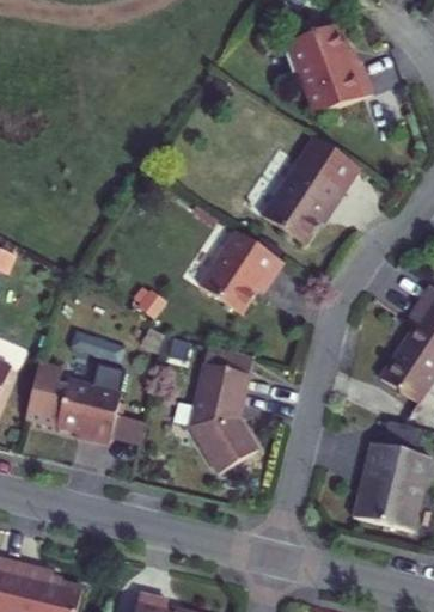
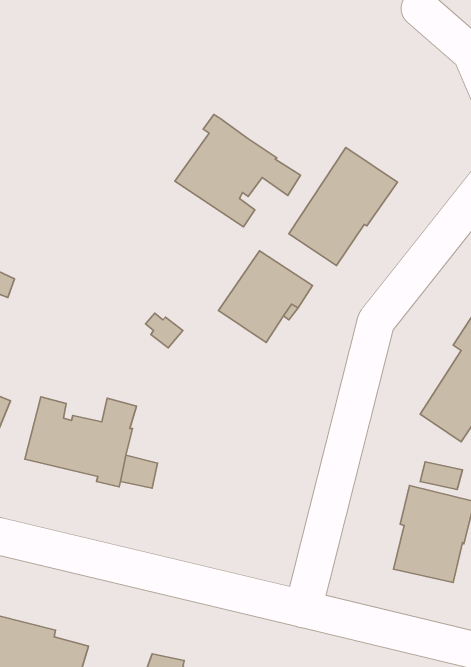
building: [287,22,372,114] -> none
building: none -> [175,114,301,227]
building: [189,361,257,471] -> none

